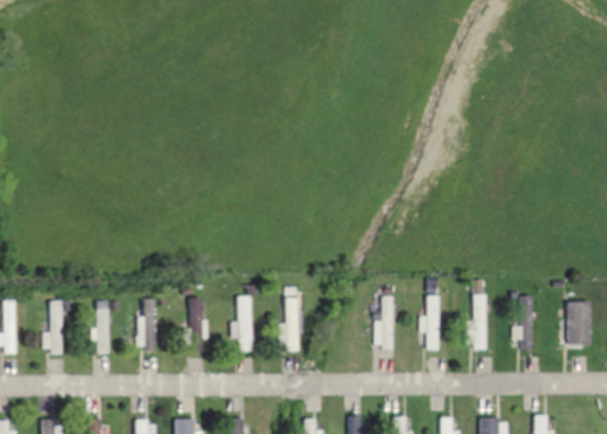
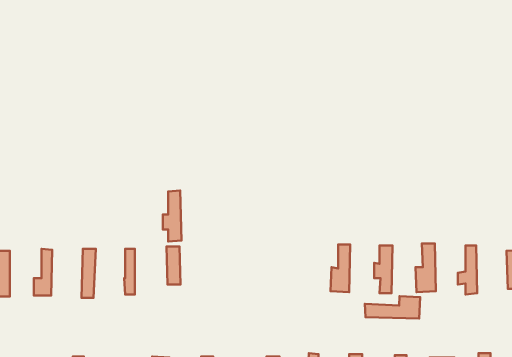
building: [232,295,252,352] -> [163,190,181,242]
building: [278,297,296,350] -> none
building: none -> [365,296,420,318]

